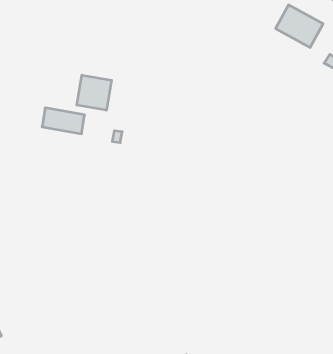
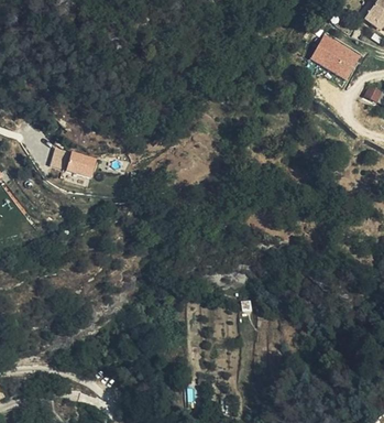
building: [77,75,112,110] -> none

